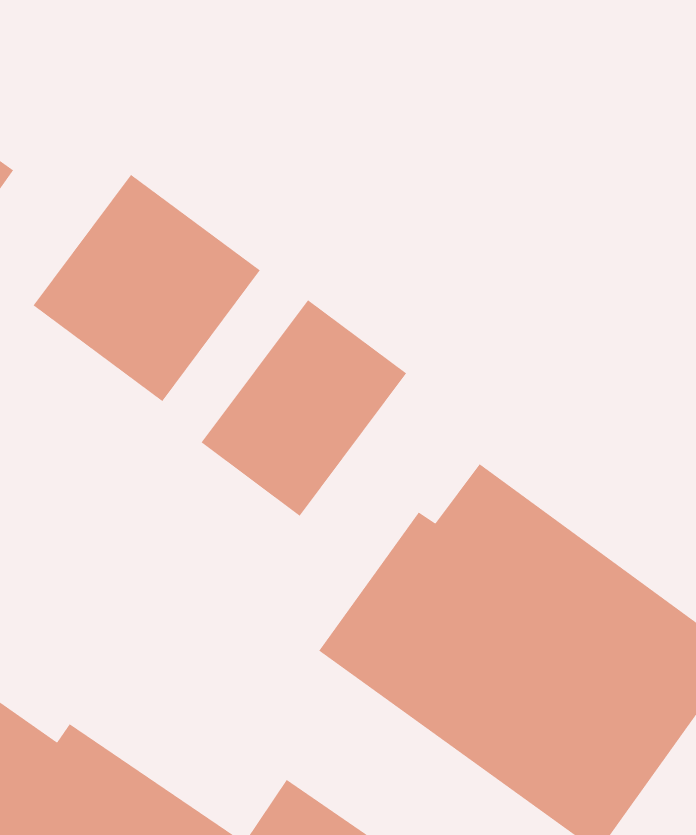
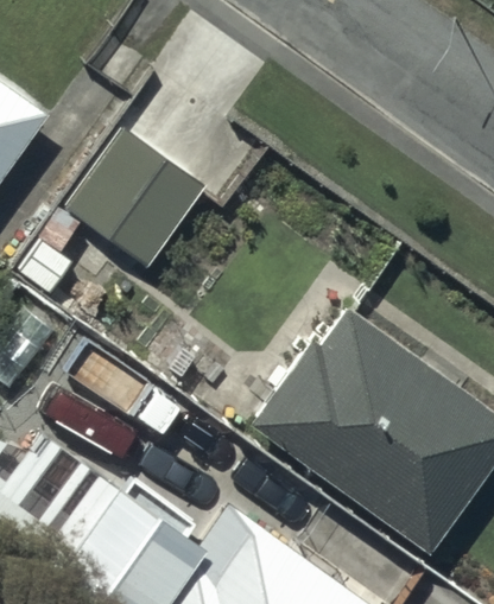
building: [201,299,407,517] -> none

